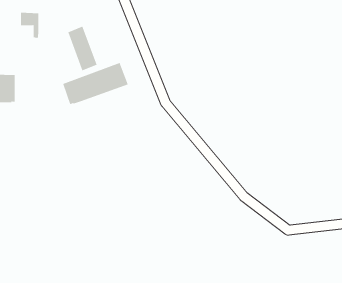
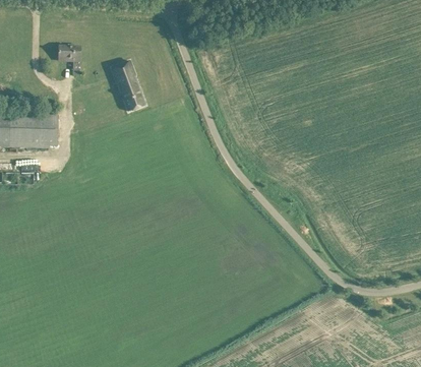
building: [63,62,128,105] -> none

